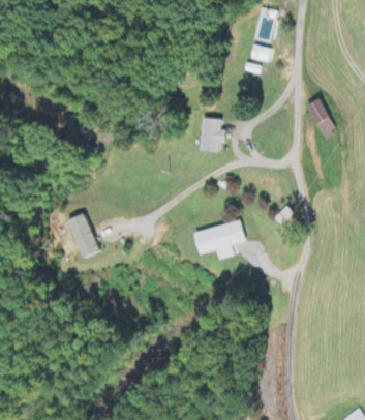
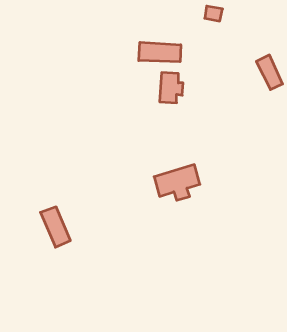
building: none -> [139,42,181,62]
building: [67,214,100,259] -> [40,207,70,247]

